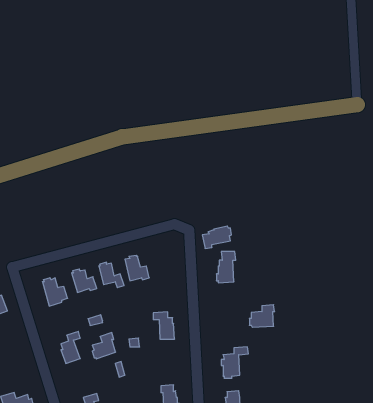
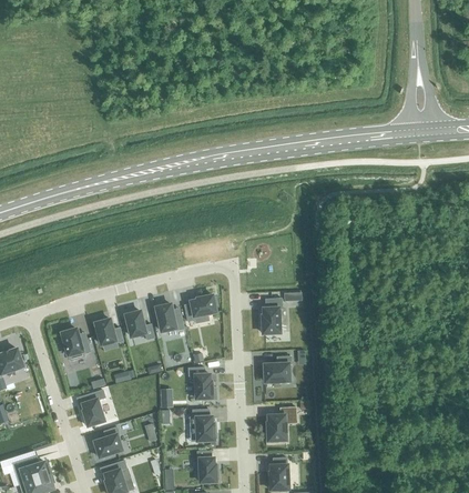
building: [202,226,231,248] -> [184,295,217,321]
building: [249,305,275,327] -> [263,356,292,382]
building: [92,333,116,359] -> [95,427,122,457]
building: none -> [190,410,217,441]

